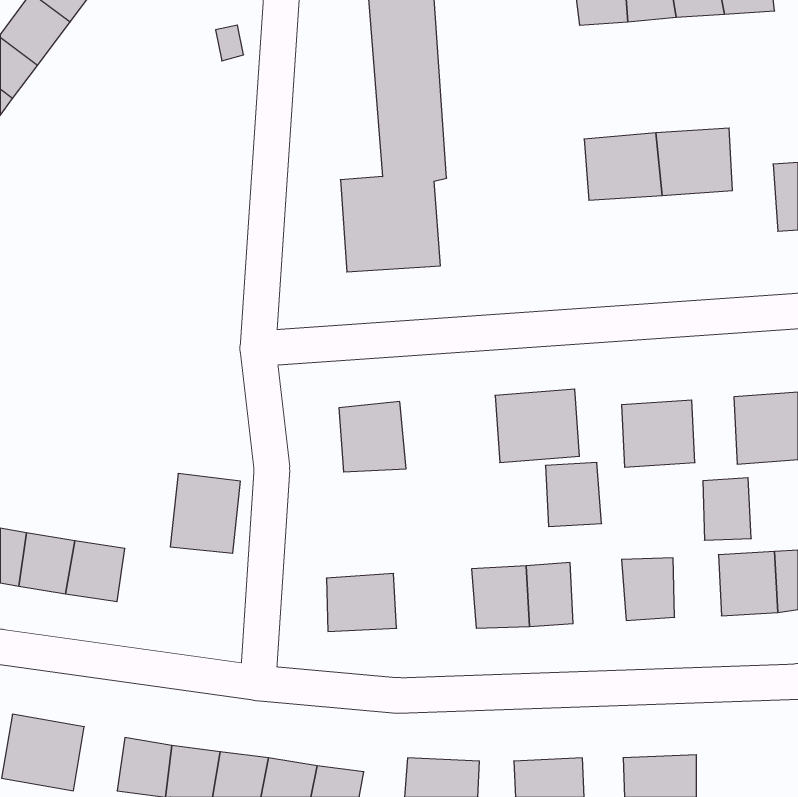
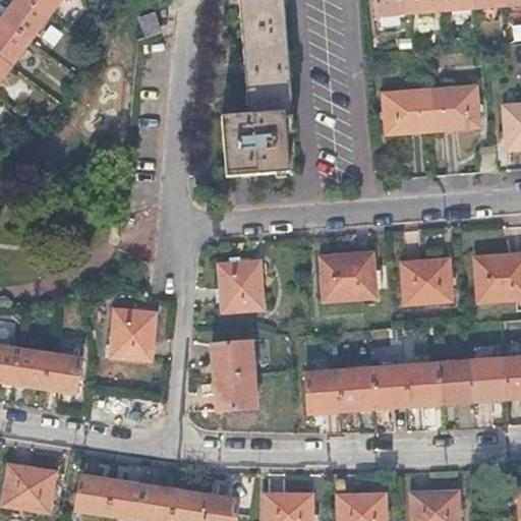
building: [545,463,602,527] -> [371,364,408,406]
building: [703,478,751,540] -> [439,361,470,402]
building: none -> [211,339,256,377]

